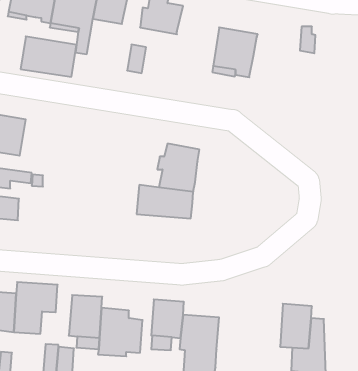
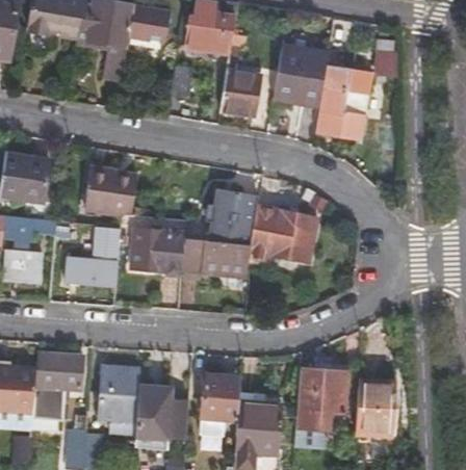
building: none -> [221,51,261,114]
building: [21,36,77,77] -> [81,166,149,215]
building: none -> [318,57,374,131]
building: none -> [249,208,315,264]
building: none -> [61,226,119,284]
building: none -> [130,228,184,276]
building: none -> [291,369,347,448]

